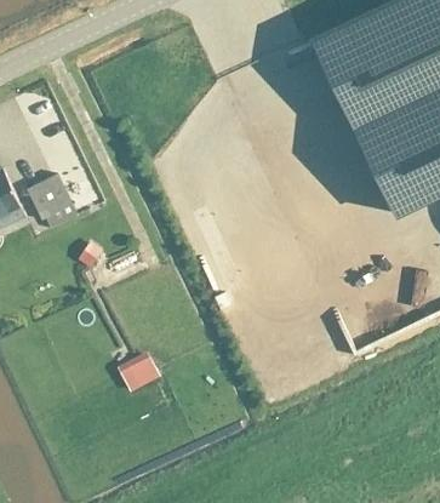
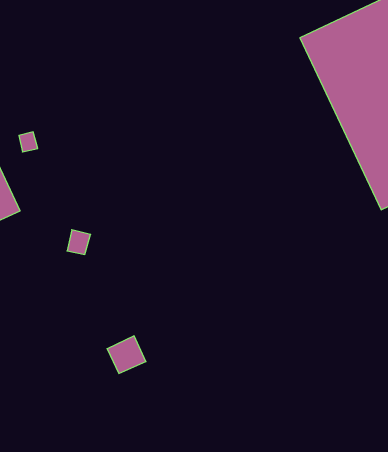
building: [25,176,76,230] -> none

